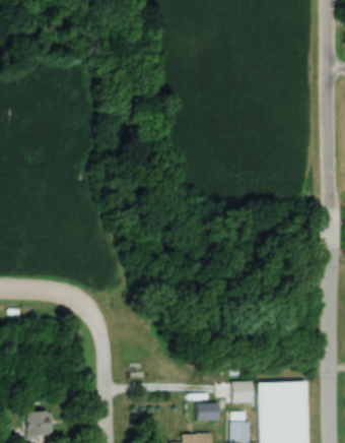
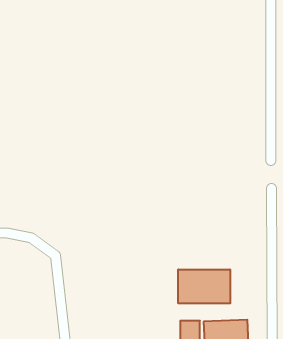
building: none -> [178,269,230,303]

